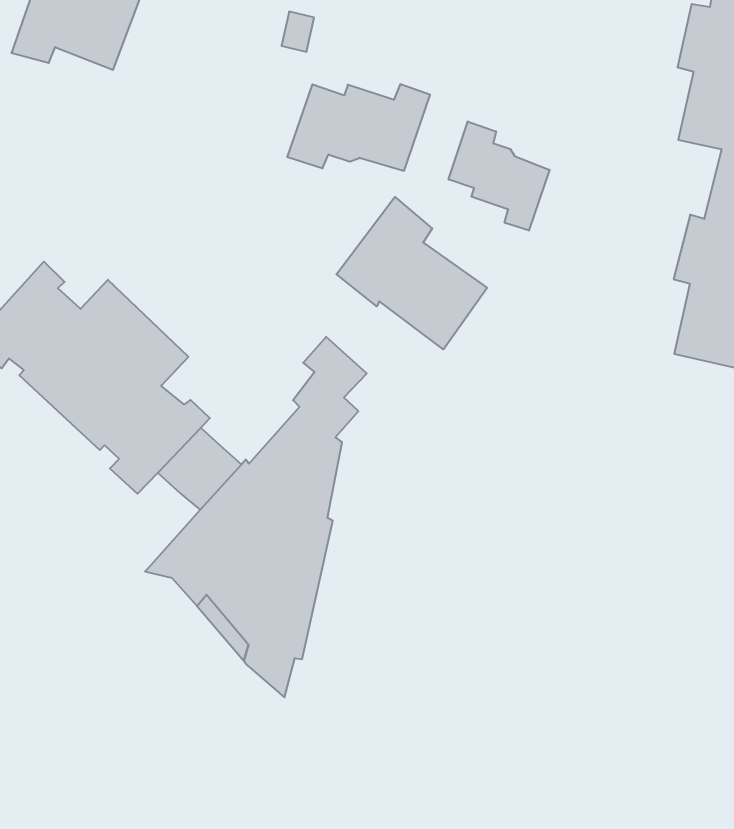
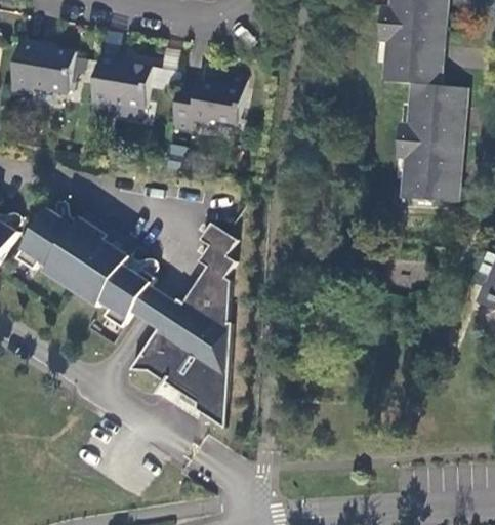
building: none -> [93,56,154,111]
building: [449,121,550,231] -> none
building: [336,197,487,349] -> none

